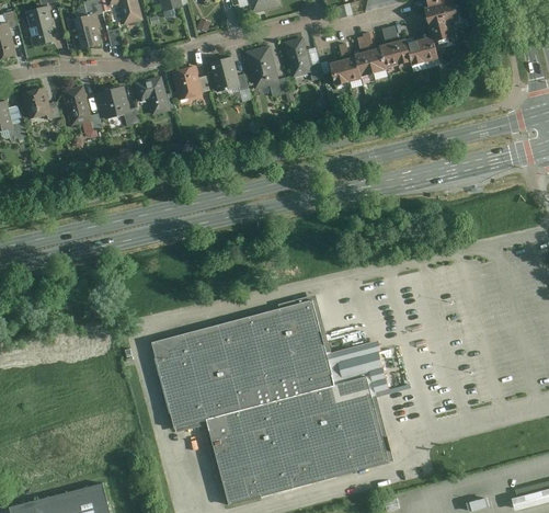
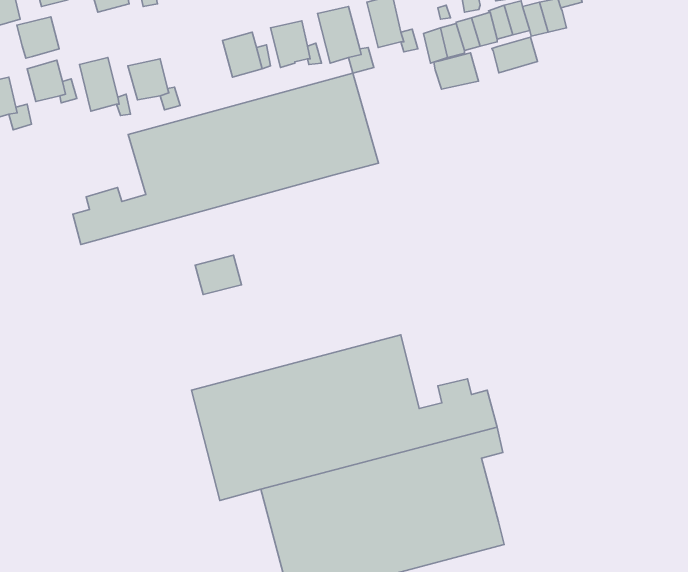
building: none -> [17,17,59,58]
building: none -> [492,37,538,73]
building: [136,76,171,115] -> none
building: none -> [434,53,479,89]
building: none -> [73,73,378,244]
building: none -> [195,255,241,295]

